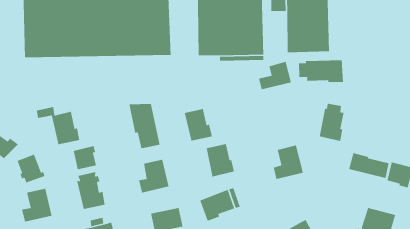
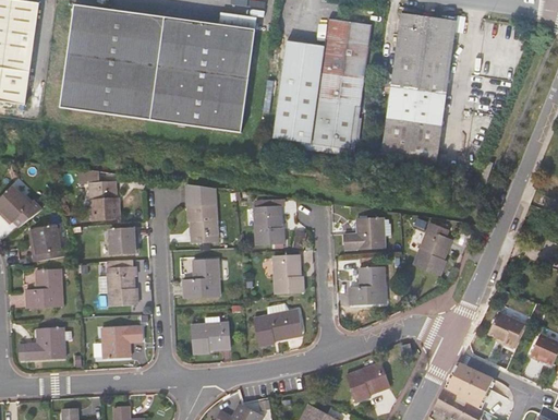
building: [298,59,344,83] -> none
building: [258,61,292,90] -> [343,218,384,249]
building: [348,152,390,179] -> none

